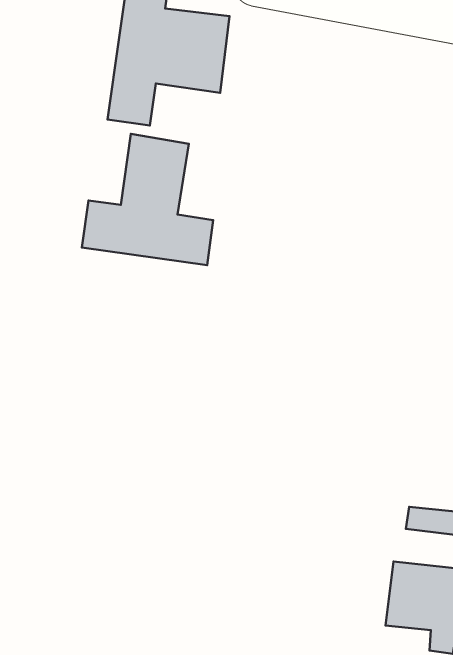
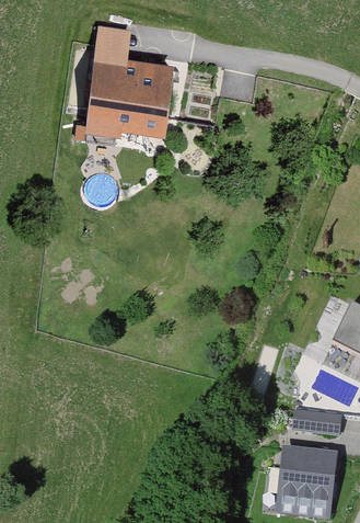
building: [82,134,213,265] -> none

